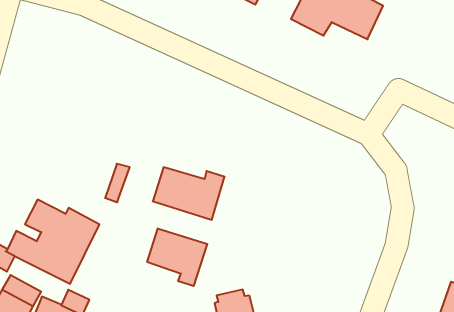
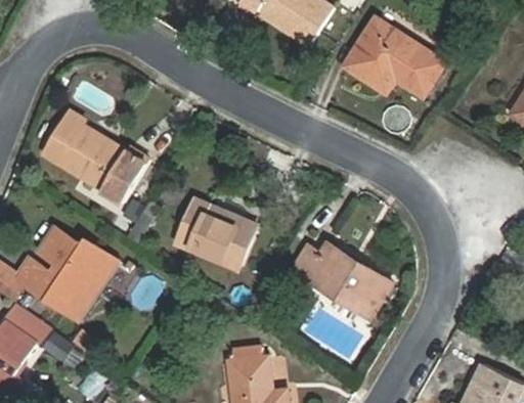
building: none -> [40,109,148,205]
building: none -> [292,245,391,318]
building: [147,228,207,286] -> none

